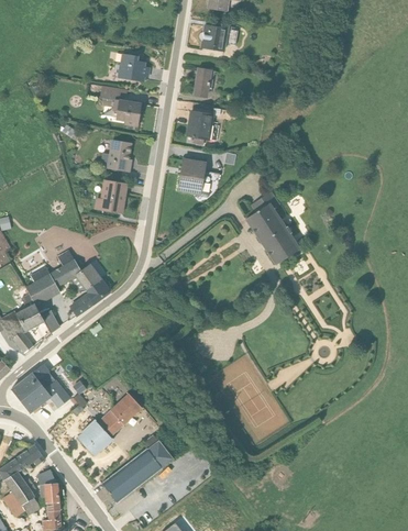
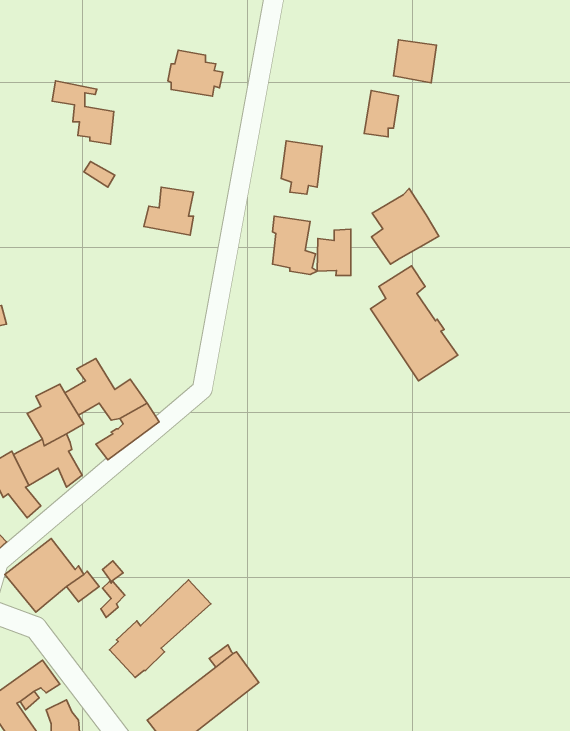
building: [200,25,228,53] -> [393,40,436,83]
building: [192,67,214,97] -> [364,91,399,137]
building: [99,85,139,125] -> [52,81,114,144]
building: none -> [372,189,439,264]
building: none -> [317,229,351,276]
building: [93,179,126,212] -> none

